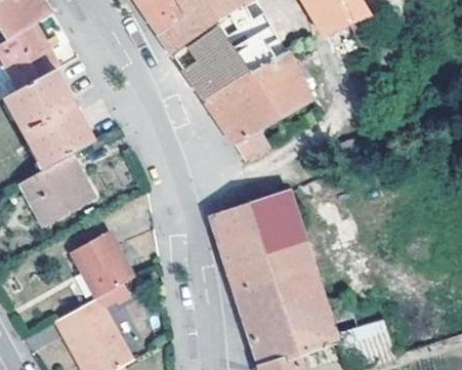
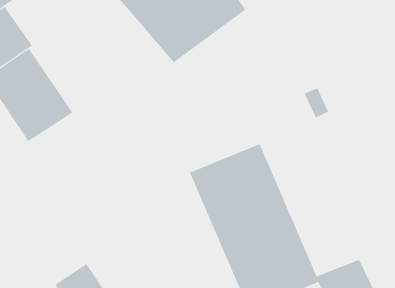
building: [205,50,309,159] -> none
building: [22,156,90,221] -> none
building: [59,216,131,301] -> none

